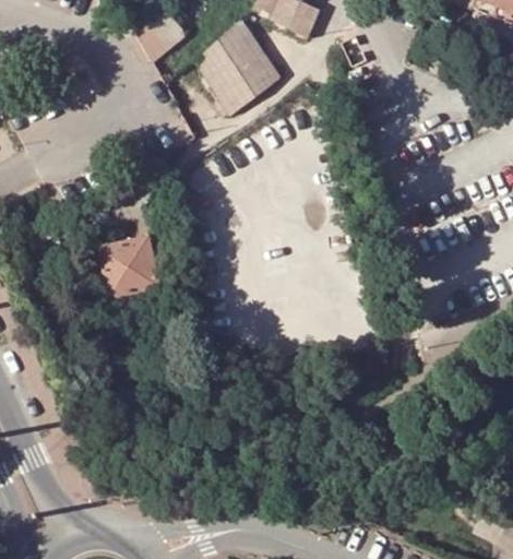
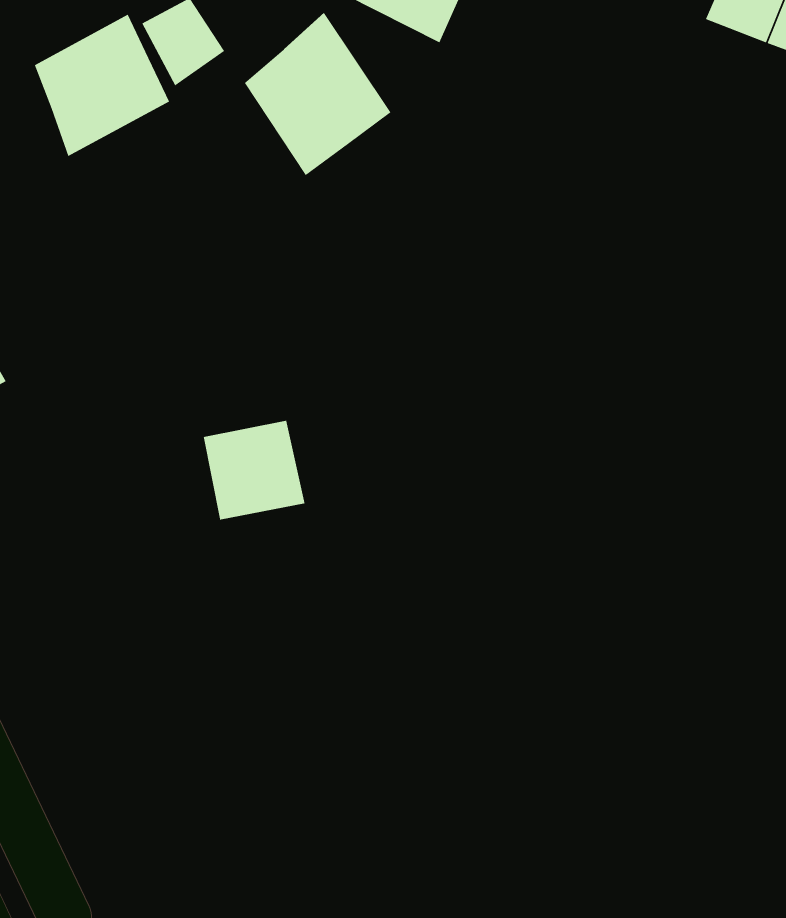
building: none -> [34,14,170,157]
building: [99,236,159,295] -> [203,420,305,520]

